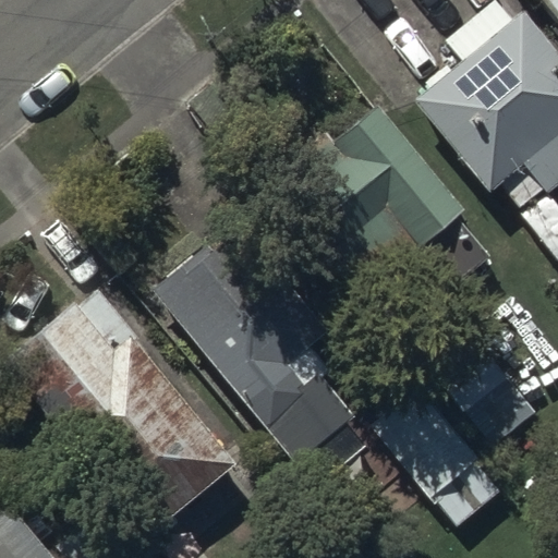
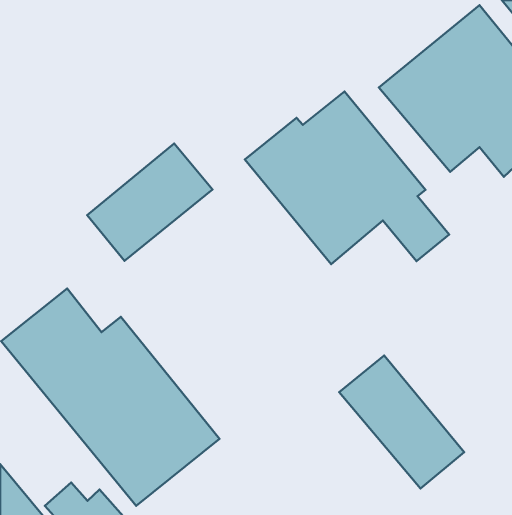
building: none -> [87,144,213,261]
building: [150,218,364,464] -> none

